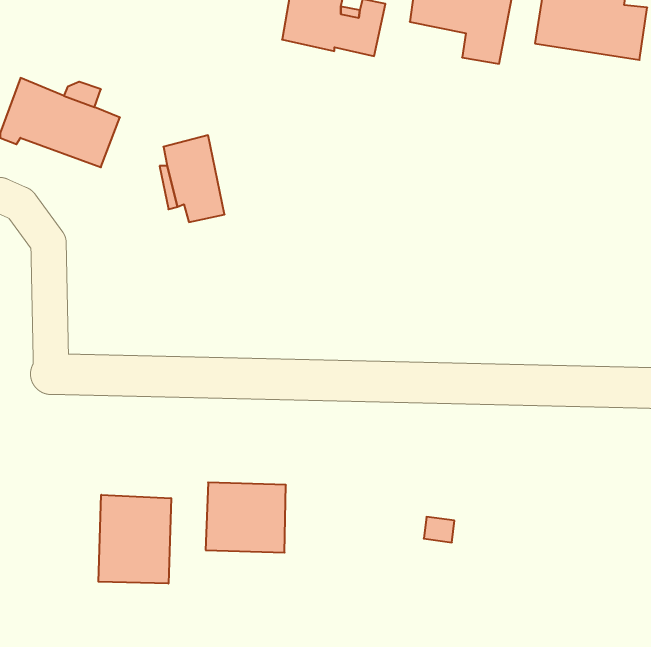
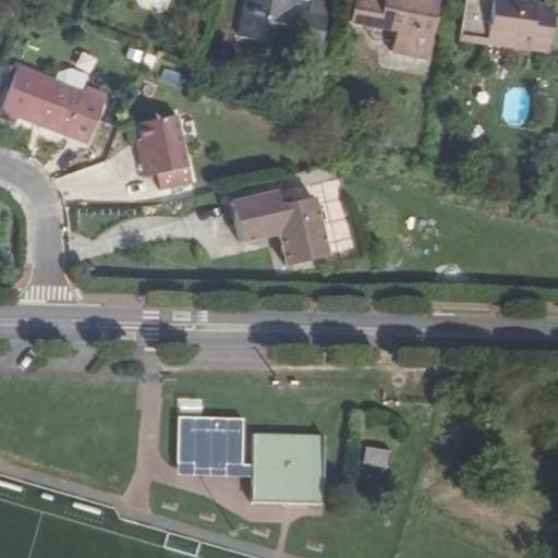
building: none -> [232,192,329,266]
building: none -> [254,422,335,500]
building: [98,495,171,584] -> none

